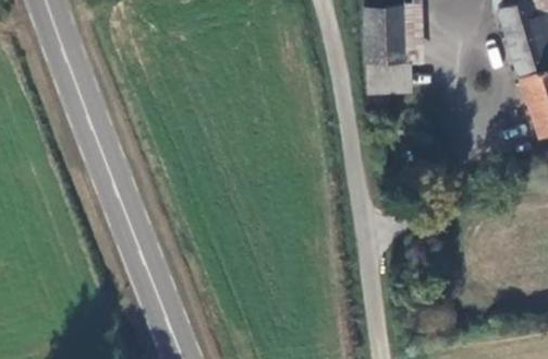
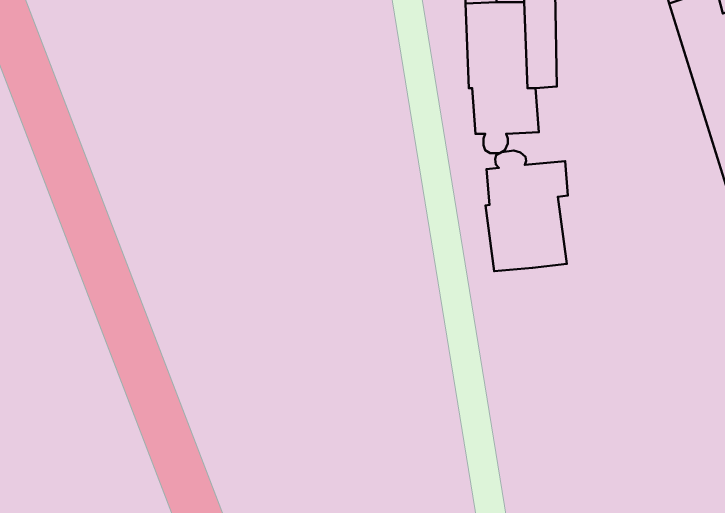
building: none -> [485,151,568,271]

